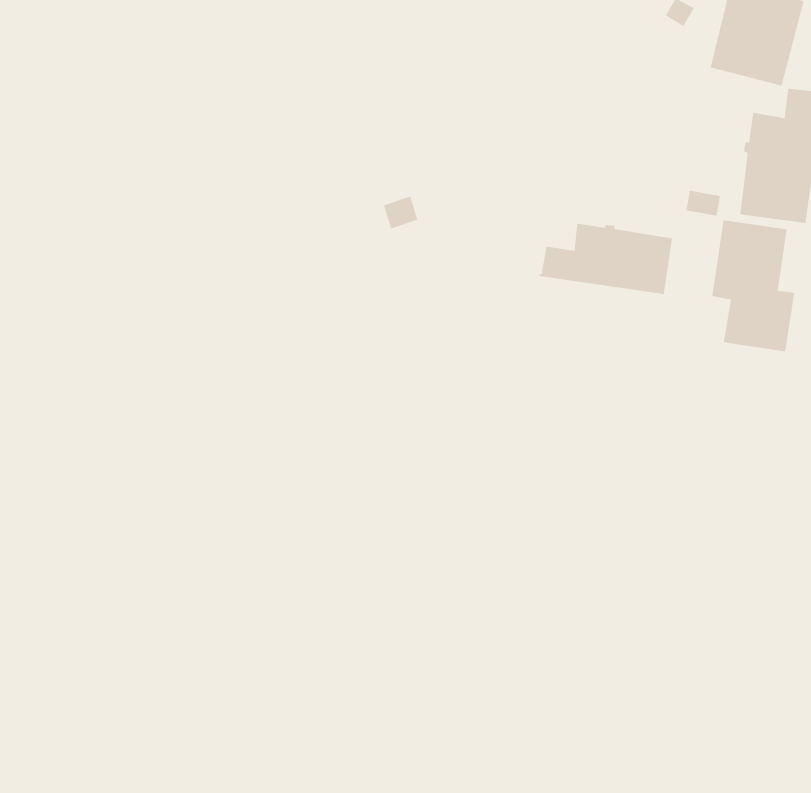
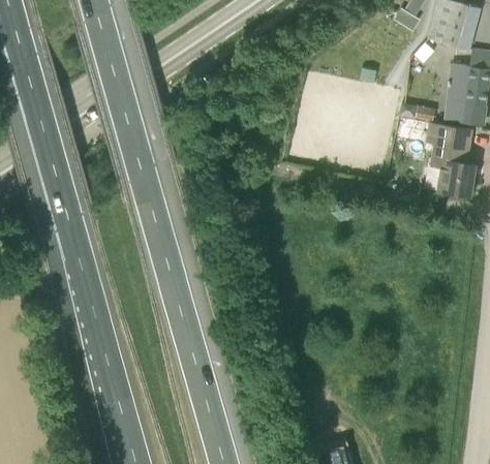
building: [539,223,672,295] -> none

